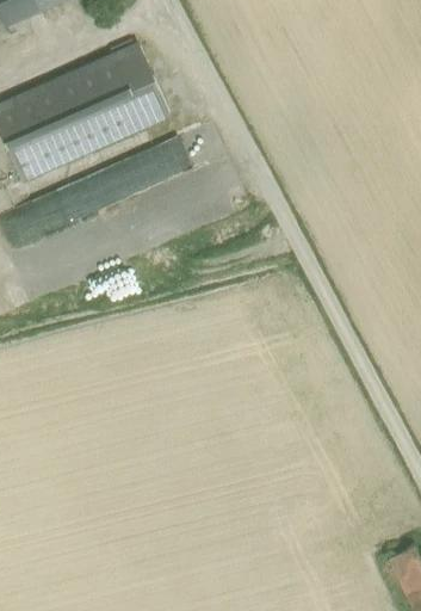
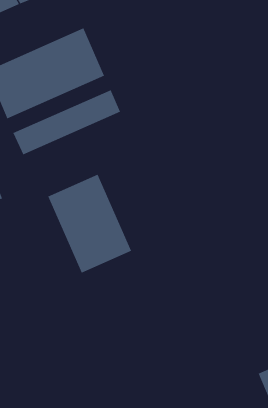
building: none -> [48,174,132,274]

